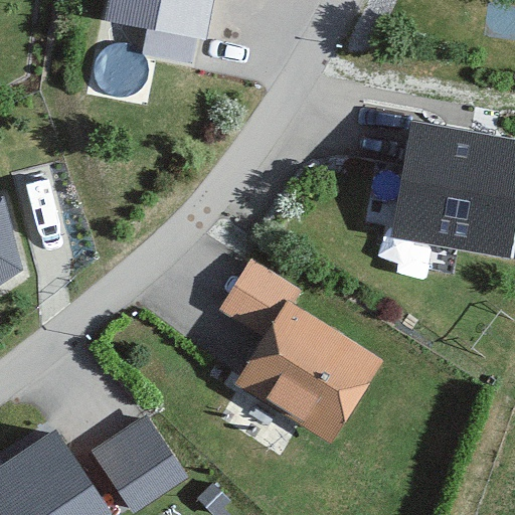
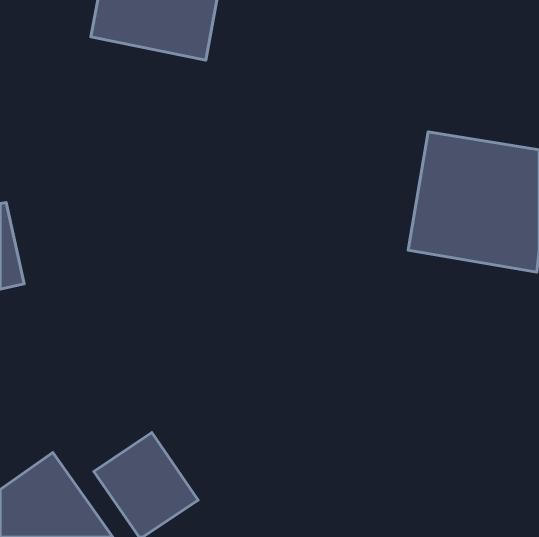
building: [222,292,387,446] -> none

